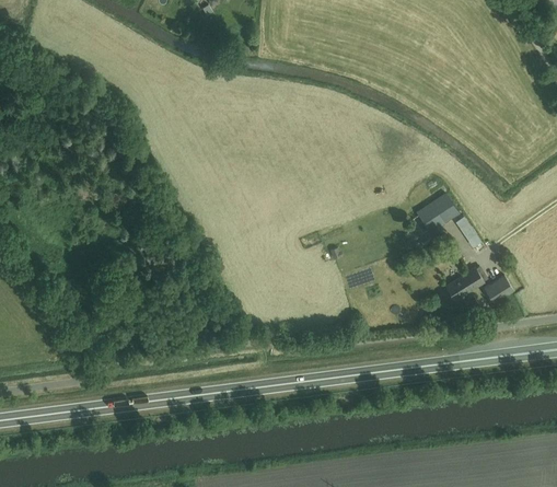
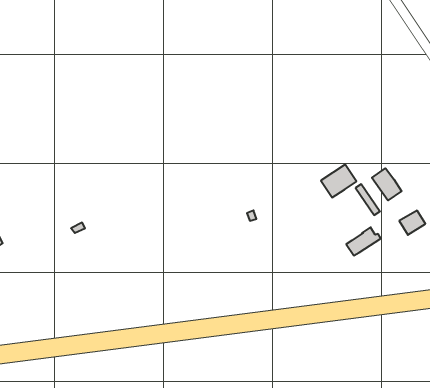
building: none -> [372,168,402,200]
building: [484,276,514,304] -> [399,211,425,235]

